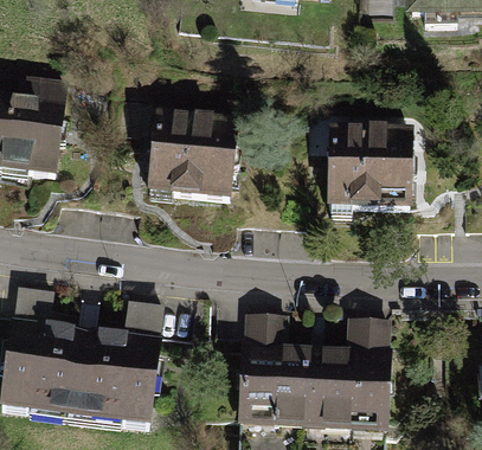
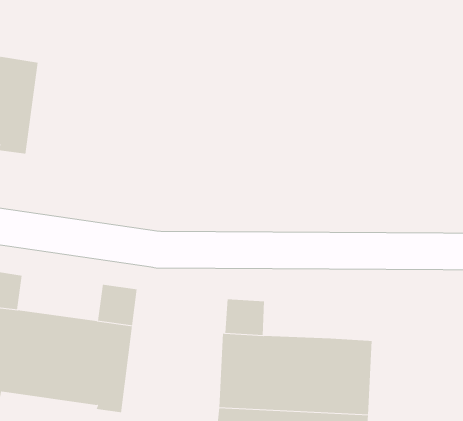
building: [149,114,237,202] -> none
building: [328,126,416,204] -> none
building: [348,317,387,353] -> none

